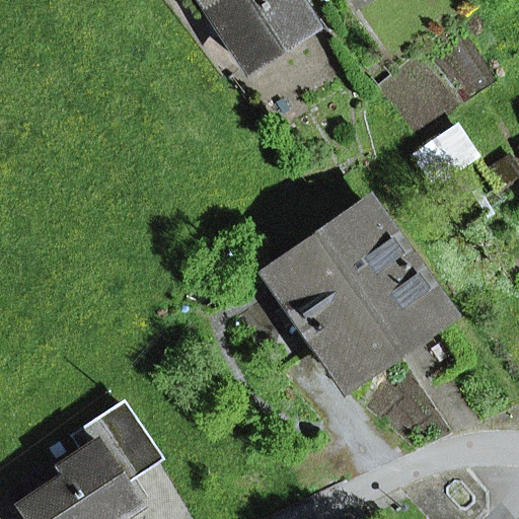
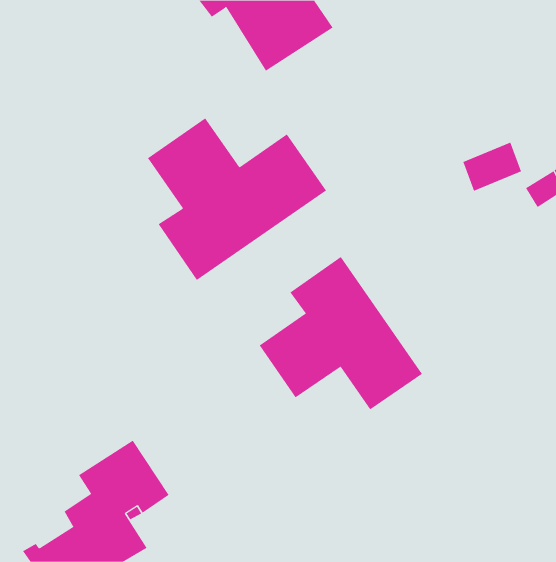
building: none -> [147,118,327,281]
building: [318,199,446,345] -> none

